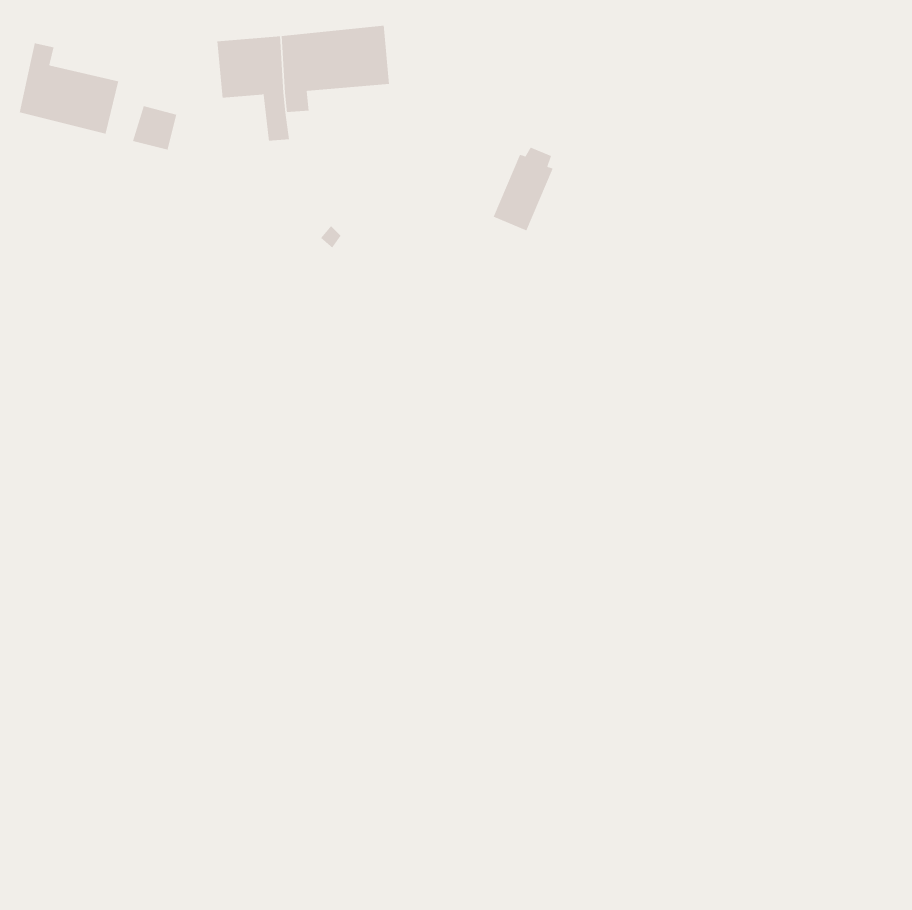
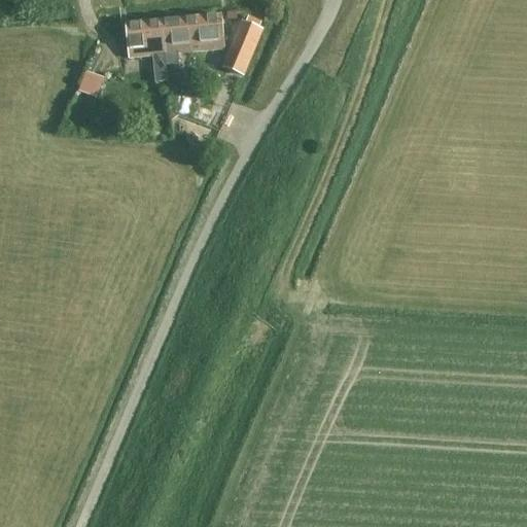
building: [19,43,119,134] -> none
building: [493,147,554,231] -> [225,17,260,66]

